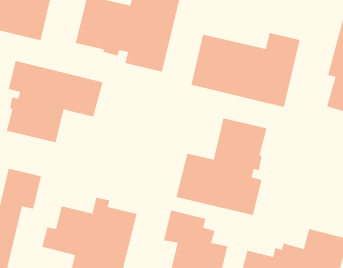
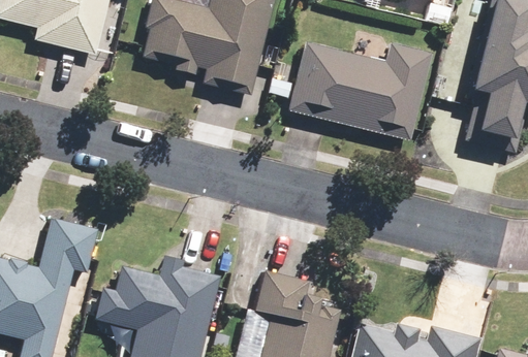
building: [6,60,103,143] -> none
building: [176,118,267,216] -> none

